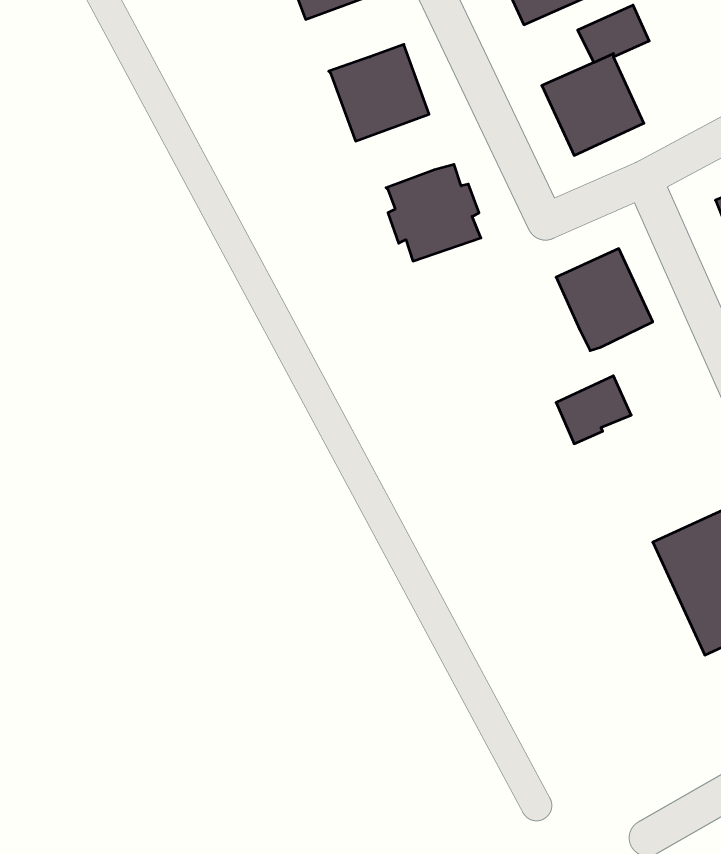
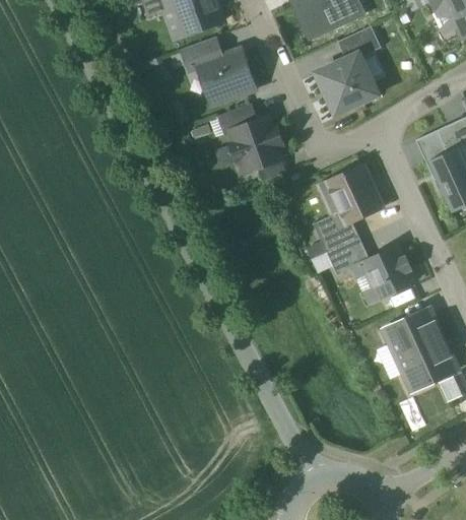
building: none -> [182,38,220,69]
building: none -> [217,104,257,135]
building: none -> [313,211,358,253]
building: none -> [351,247,412,298]

